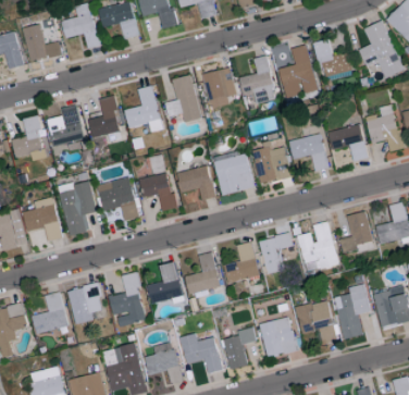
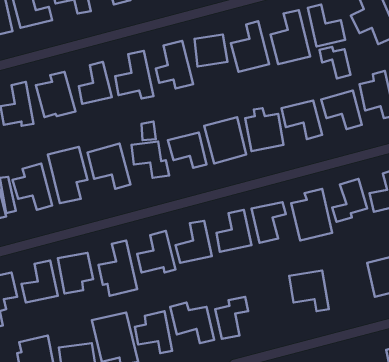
building: none -> [320,47,350,78]
building: [334,283,370,340] -> none
building: [258,317,297,358] -> none

